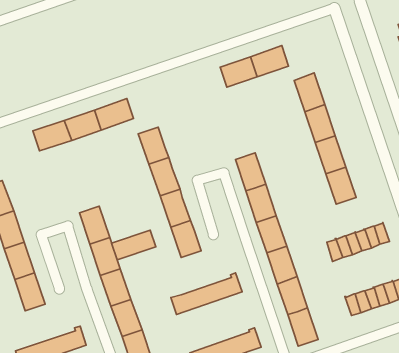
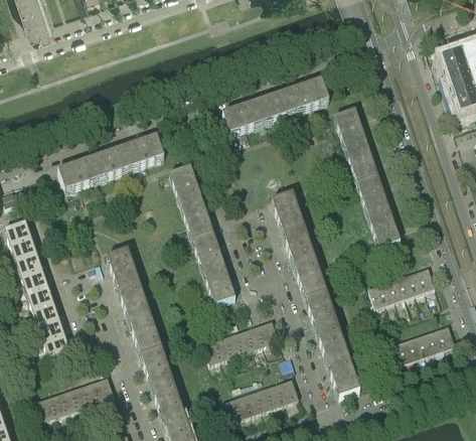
building: none -> [222,101,263,133]
building: [112,230,156,260] -> none

